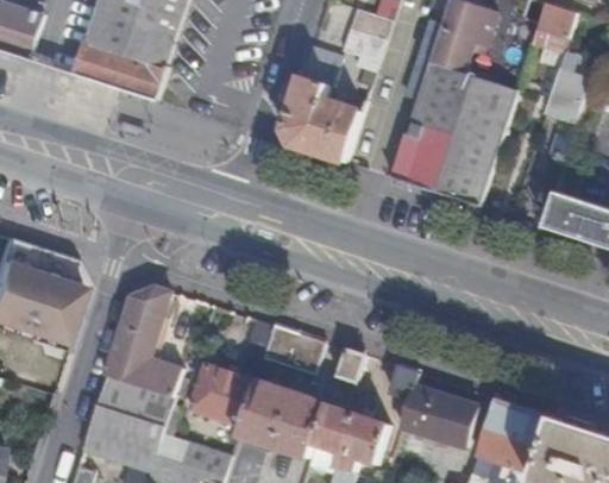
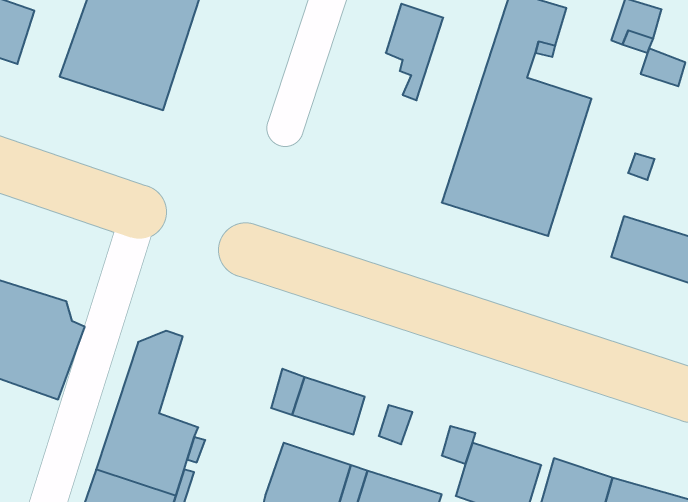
building: [269,40,356,162] -> none
building: [547,68,592,118] -> none
building: [193,364,257,426] -> none

